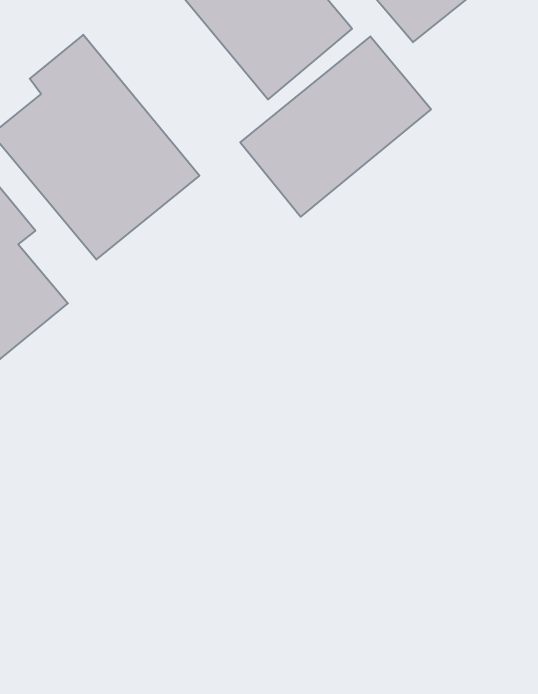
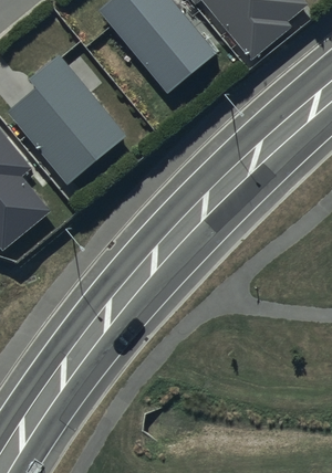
building: [240,36,431,217] -> none

